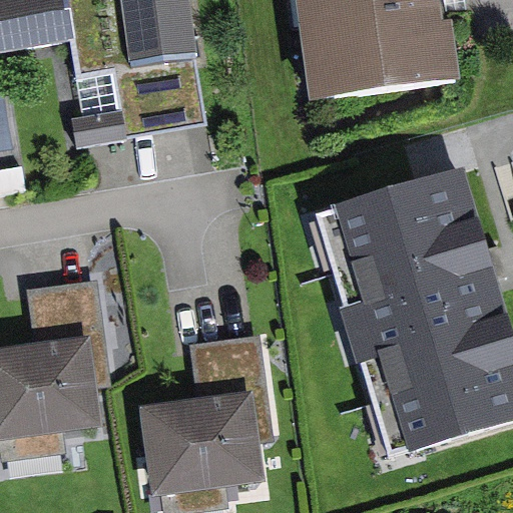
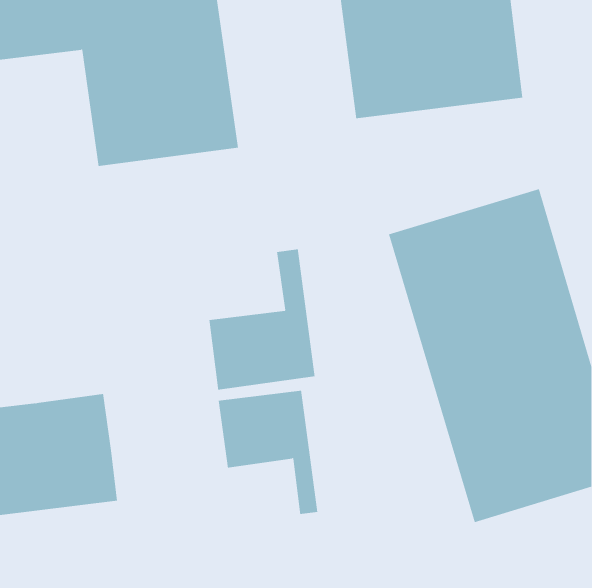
building: none -> [209,249,315,391]
building: [24,281,110,388] -> none
building: [138,395,264,501] -> none

